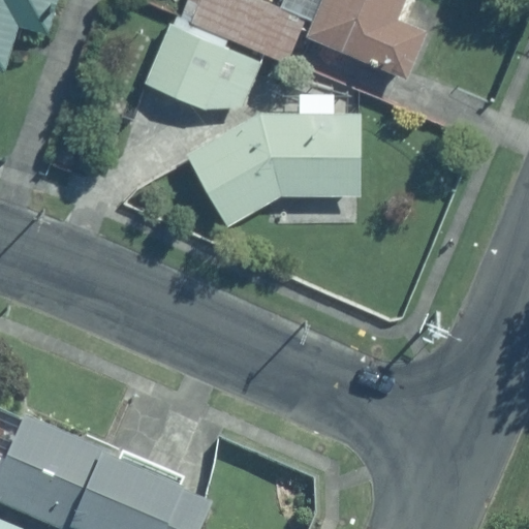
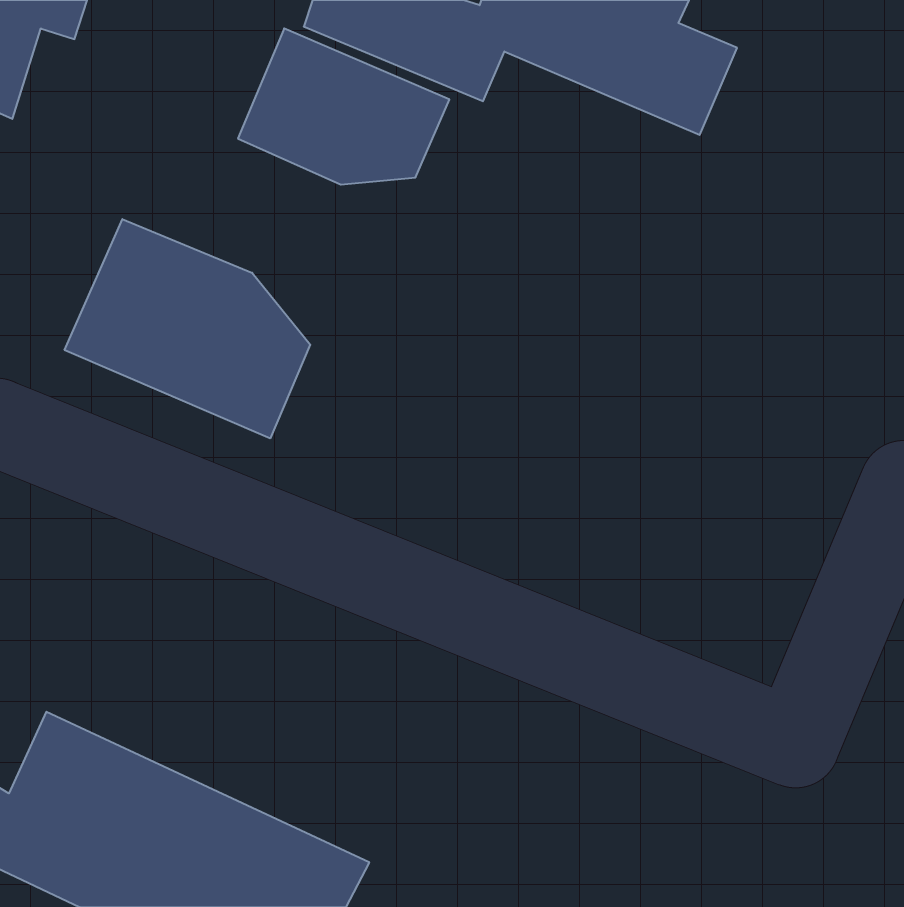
building: [184,90,364,225] -> none
building: none -> [65,219,310,438]

